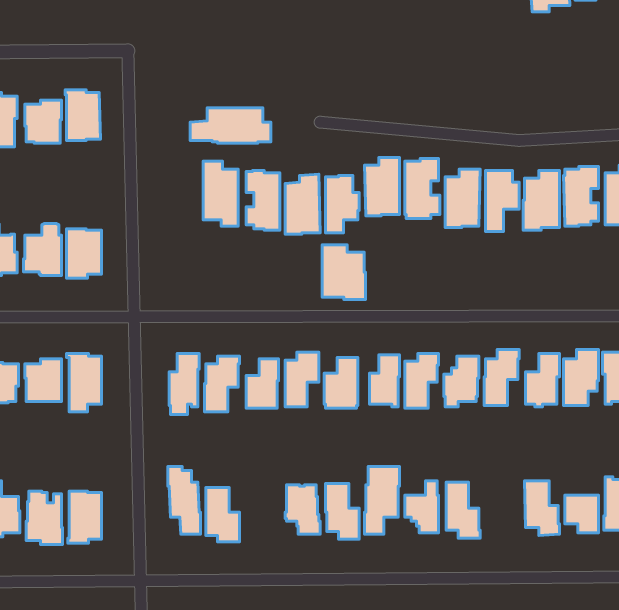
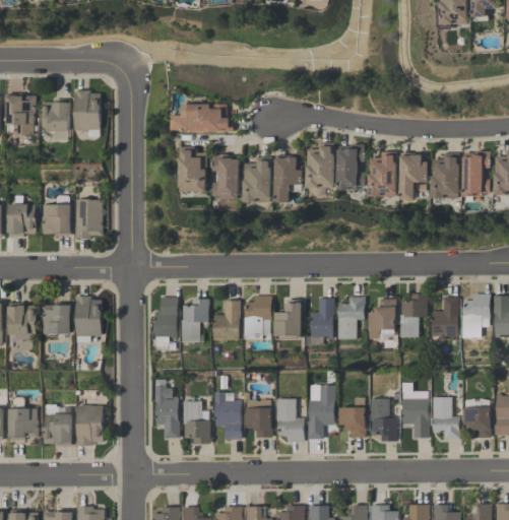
building: [322,245,366,299] -> none
building: none -> [401,383,429,439]
building: none -> [213,393,241,442]

